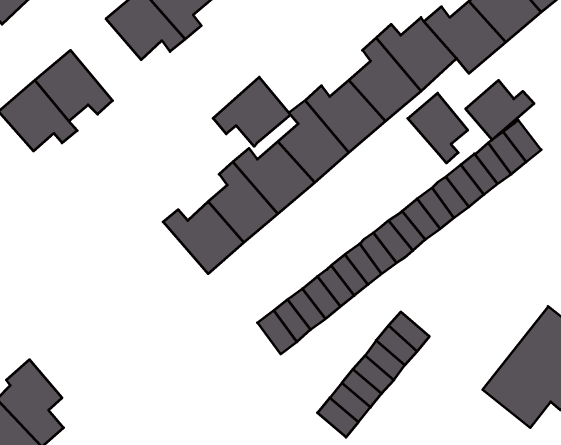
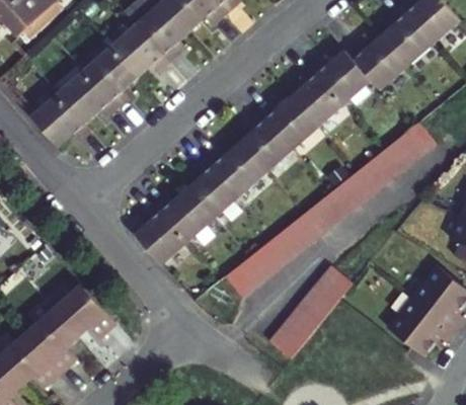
building: none -> [83,50,136,110]
building: [213,77,290,146] -> none
building: [466,80,534,140] -> none
building: [408,93,468,163] -> none
building: none -> [132,200,185,263]
building: none -> [53,280,119,332]

